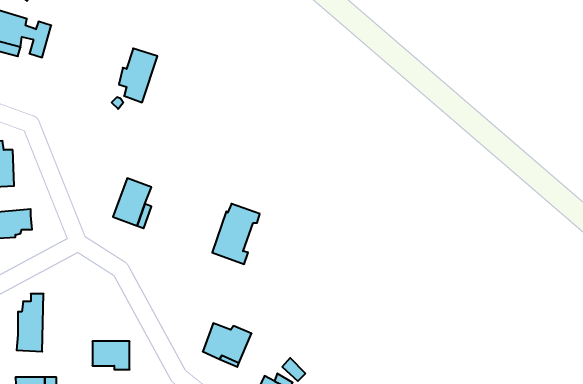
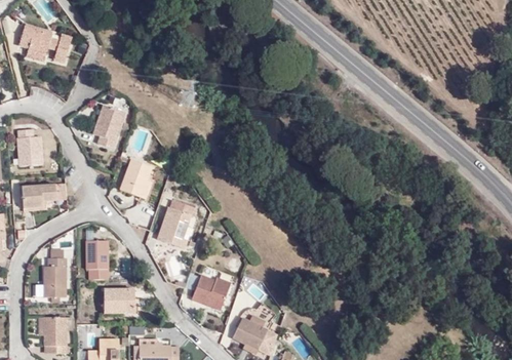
building: [119,48,157,102] -> [93,106,124,149]
building: [212,204,260,264] -> [157,200,195,248]
building: none -> [86,240,108,279]

